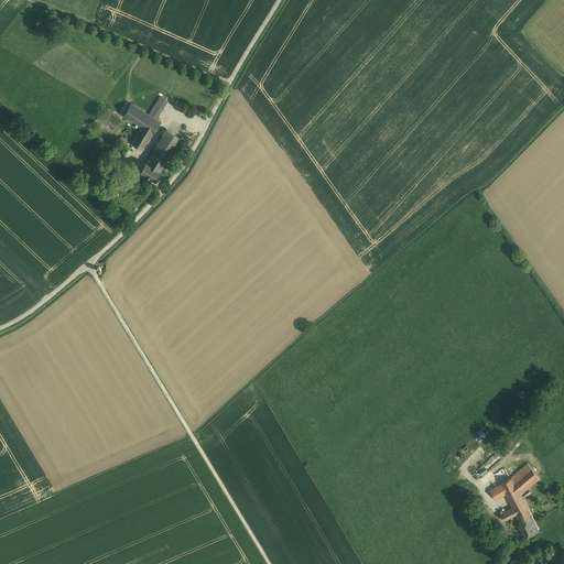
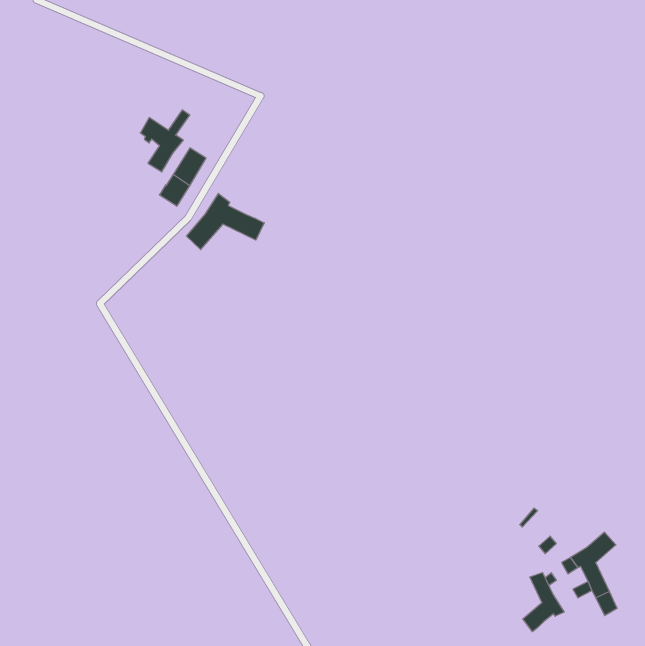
building: none -> [186,193,264,250]
building: none -> [523,573,564,632]

